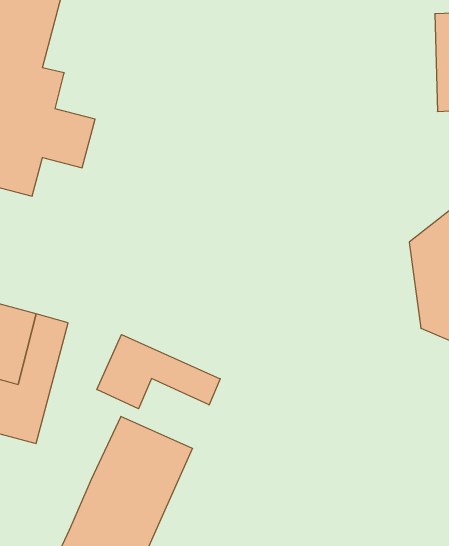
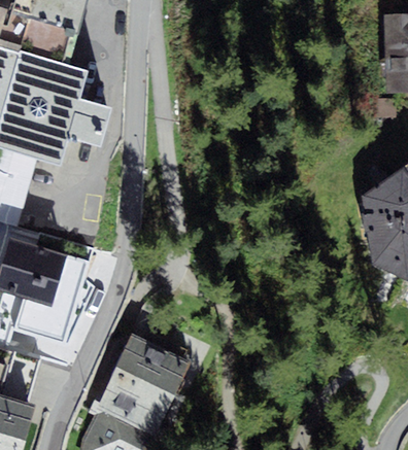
building: [97,335,220,409] -> none

